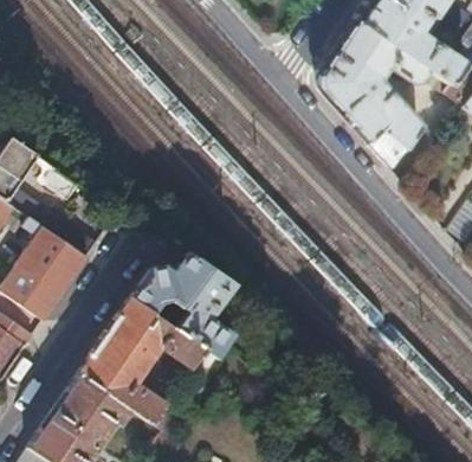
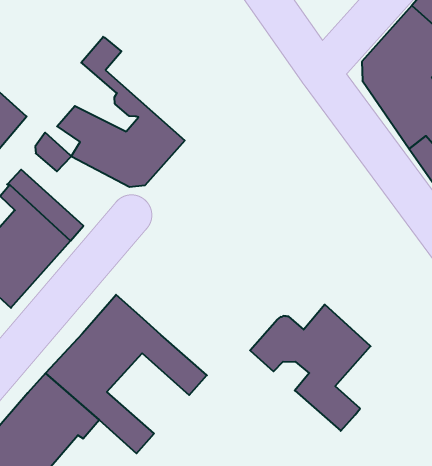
building: none -> [57,37,185,187]
building: [134,250,237,357] -> [250,305,371,431]

